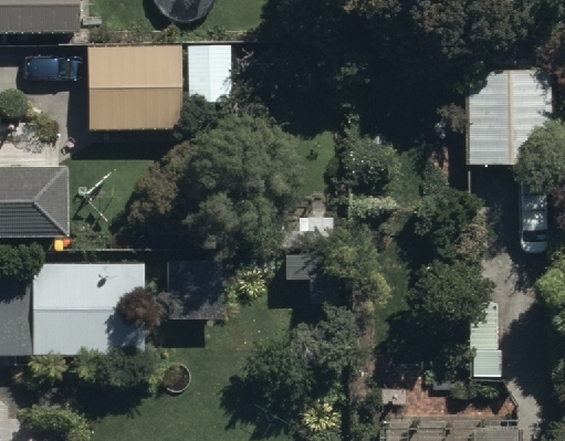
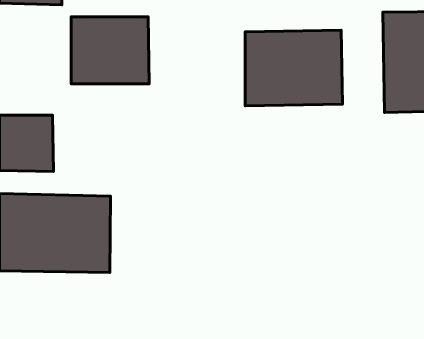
building: none -> [245,30,343,106]

